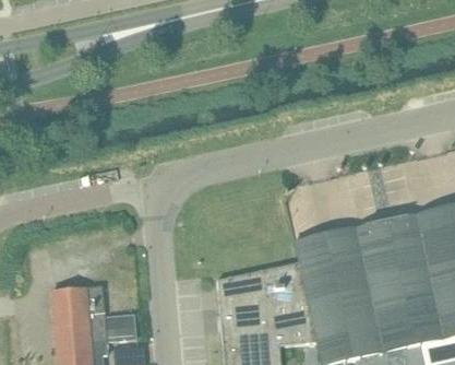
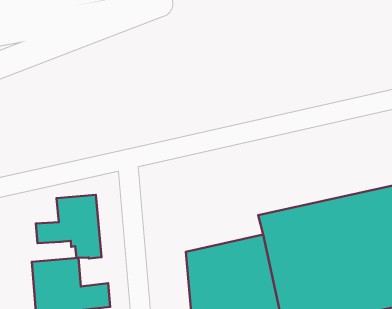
building: none -> [36,195,102,258]

